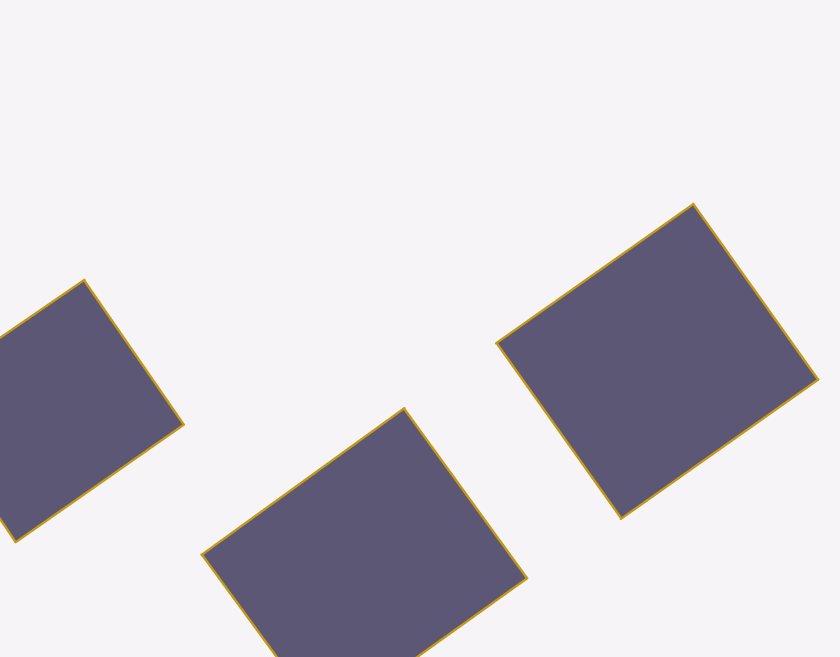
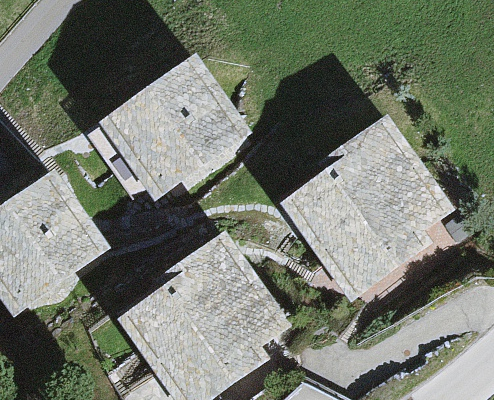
building: none -> [96,52,251,200]

